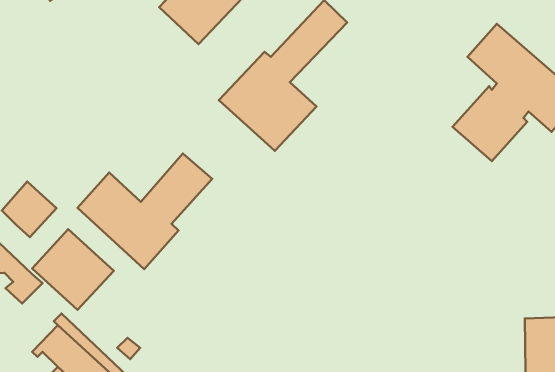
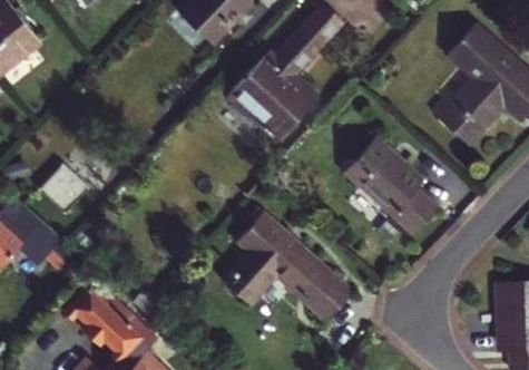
building: none -> [346,136,440,236]
building: [78,154,212,269] -> none
building: [32,229,114,310] -> none
building: none -> [227,212,353,321]

